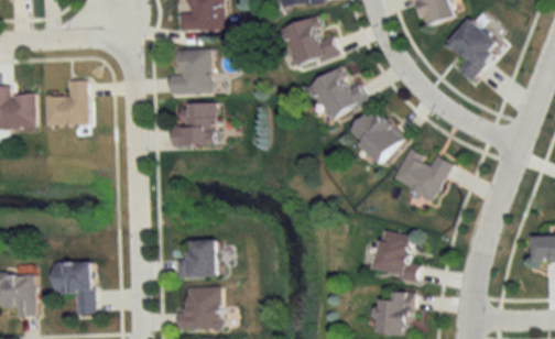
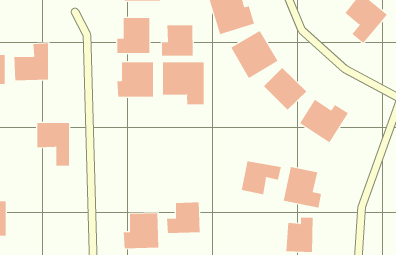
building: none -> [161,24,193,56]
building: none -> [162,61,204,105]
building: none -> [241,160,281,195]
building: [175,239,217,277] -> [166,202,201,234]
building: [53,262,94,315] -> [37,123,70,166]

